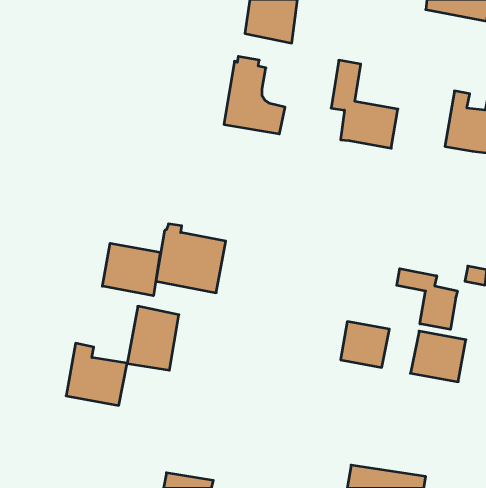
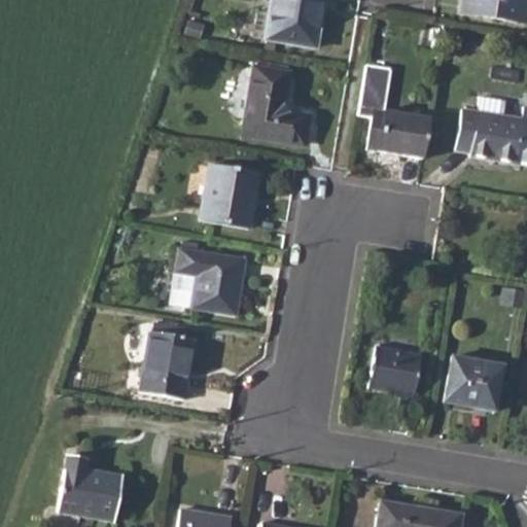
building: none -> [457,96,492,157]
building: none -> [201,163,260,227]
building: [102,243,160,296] -> none
building: [397,269,457,329] -> none
building: [66,343,127,405] -> [59,454,125,521]

